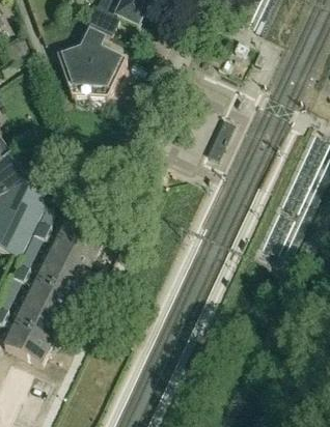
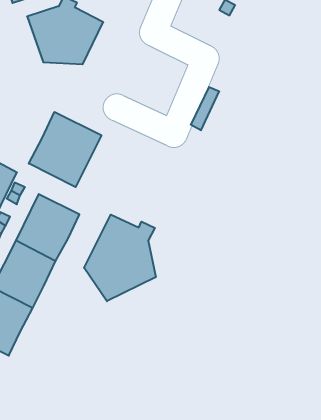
building: none -> [29,112,101,187]
building: none -> [84,215,156,301]

